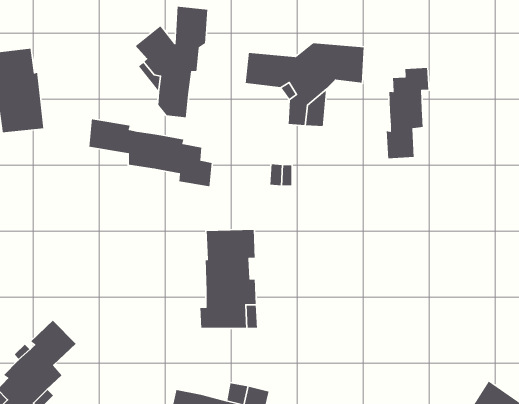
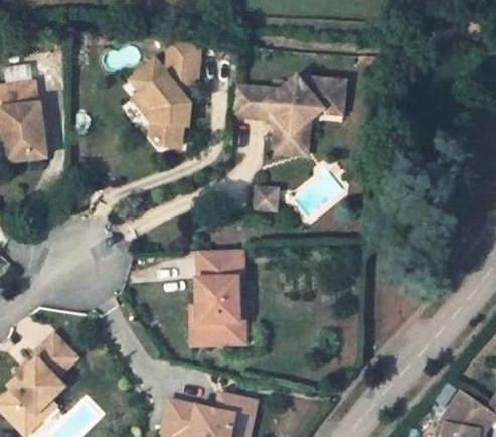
building: [386,67,429,159] -> none
building: [89,119,213,187] -> none

